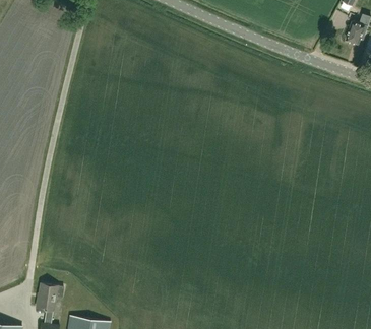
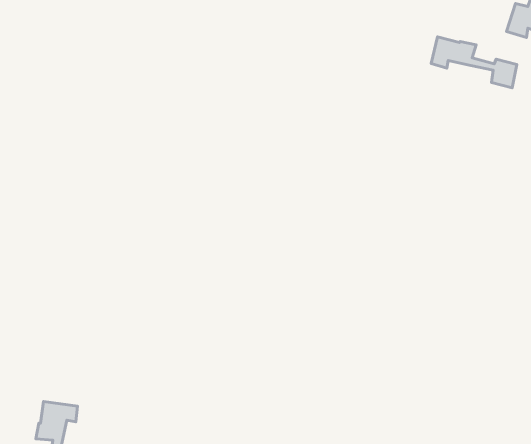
building: none -> [431,37,517,88]

